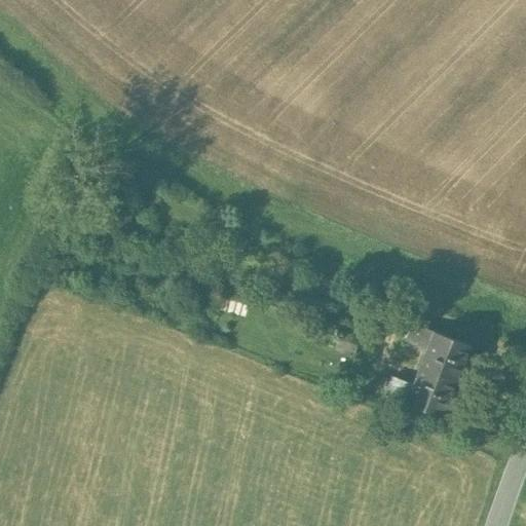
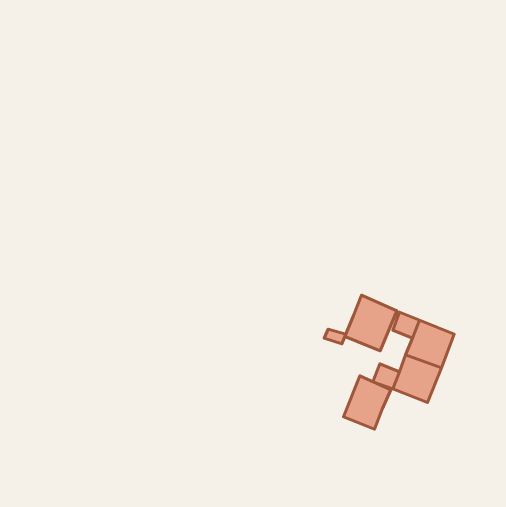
building: none -> [345,295,397,351]
building: none -> [343,376,391,429]

